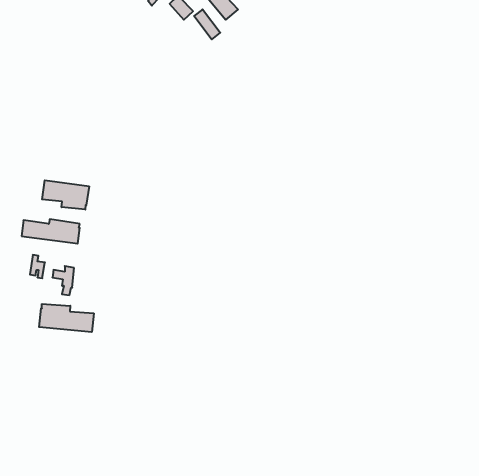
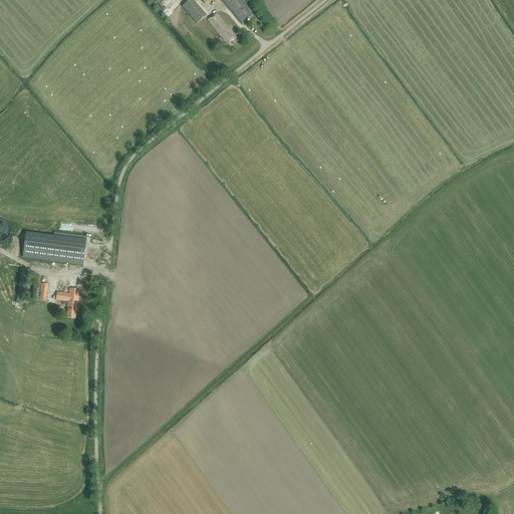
building: [42,180,89,210] -> none
building: [39,304,94,332] -> none

